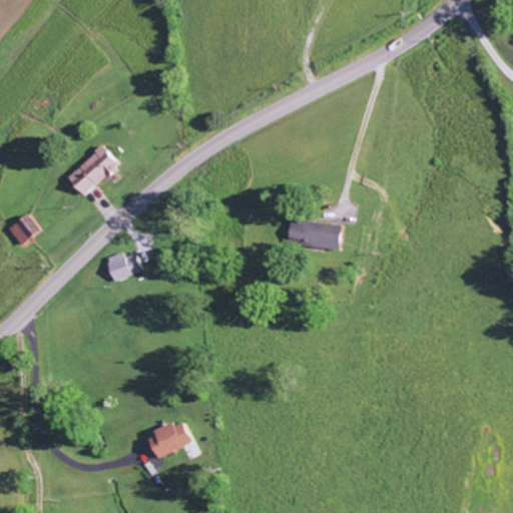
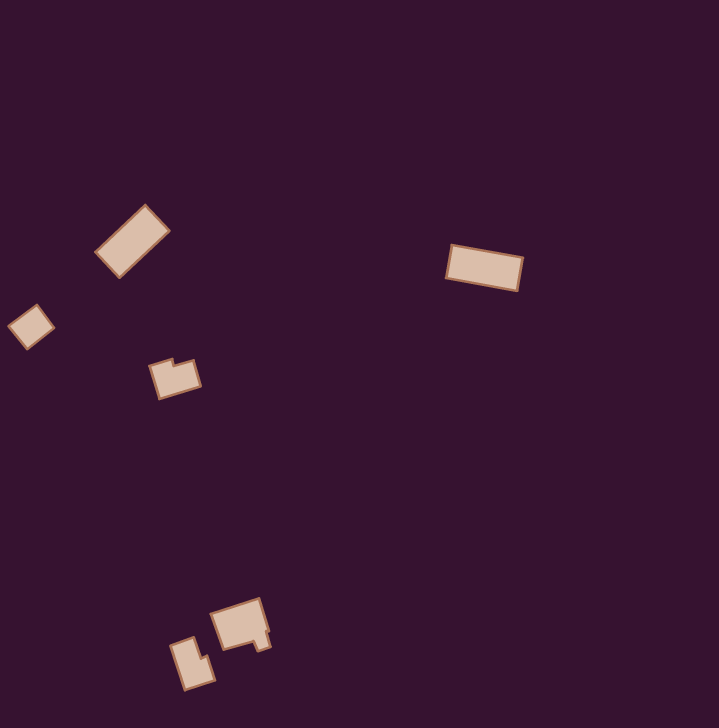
building: [288,219,342,251] -> [446,245,523,291]
building: none -> [171,637,215,690]

